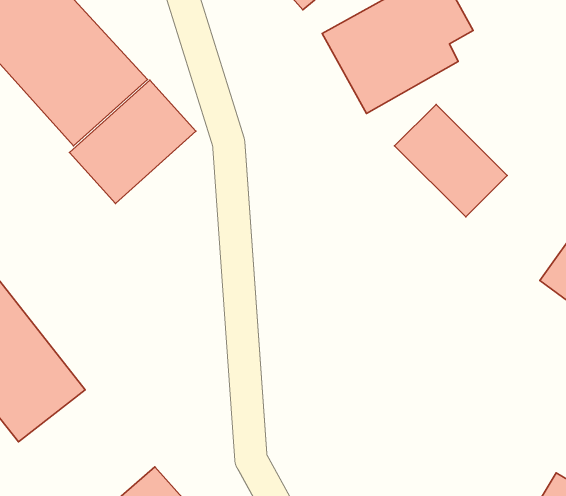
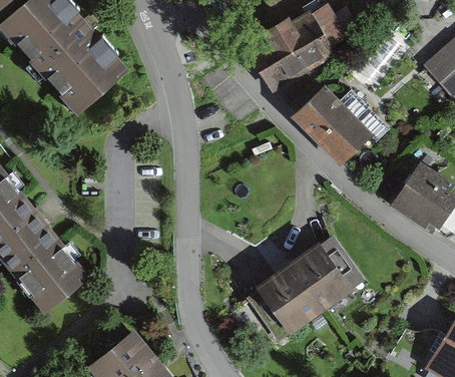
building: [69,80,196,204] -> none
building: none -> [261,234,359,326]

